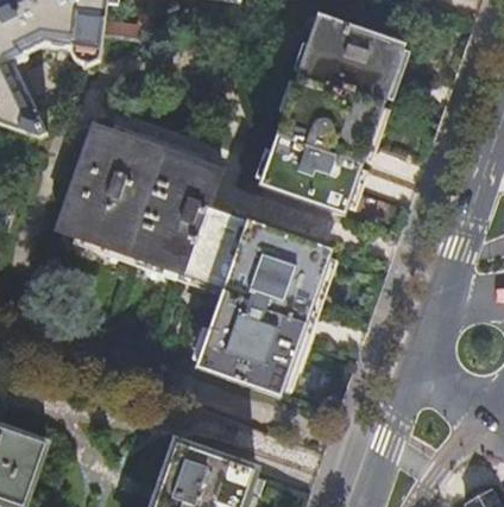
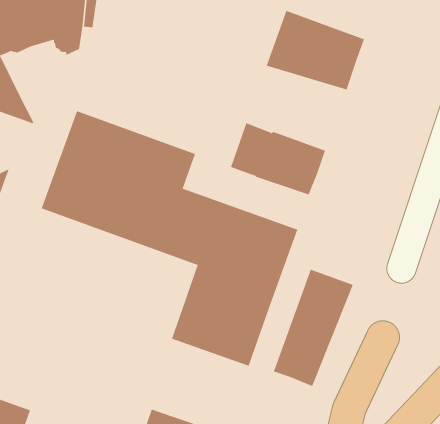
building: [275,74,383,164] -> none
building: none -> [273,269,353,387]

